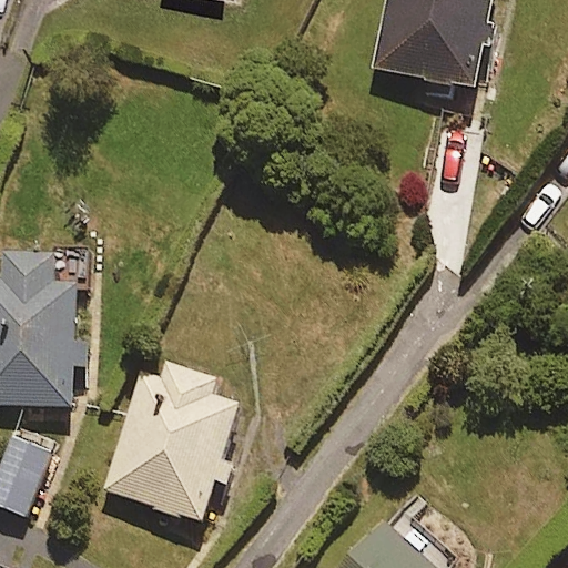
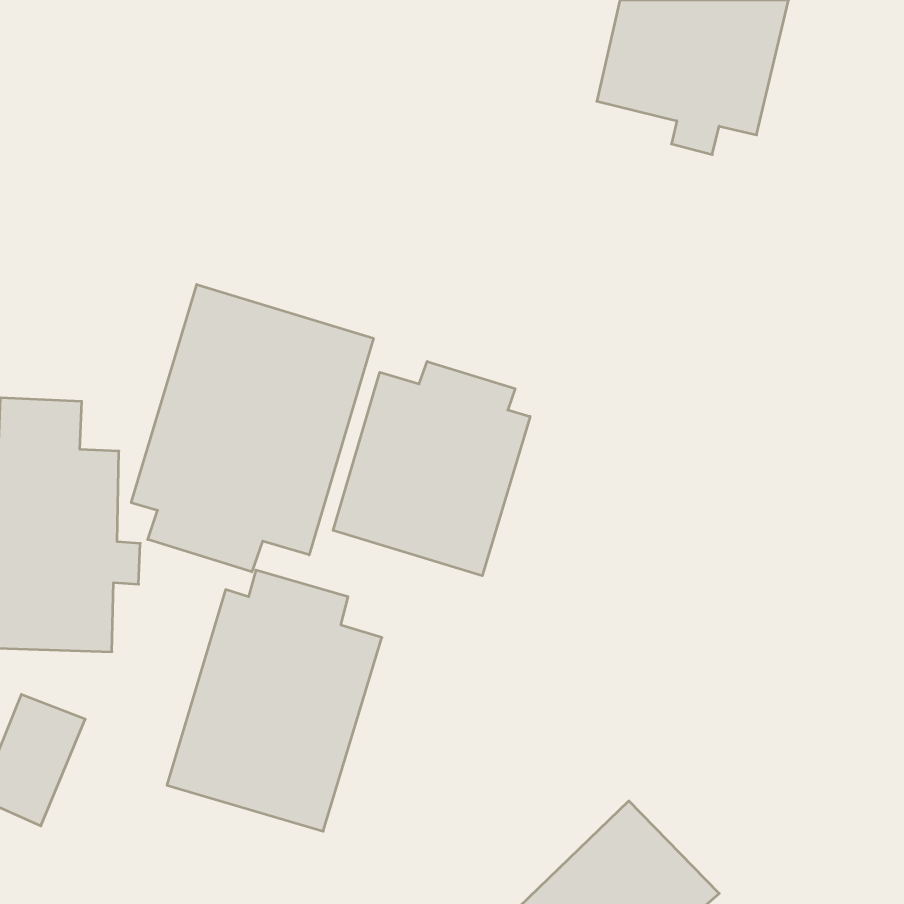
building: none -> [131,284,373,572]
building: none -> [333,361,530,576]

